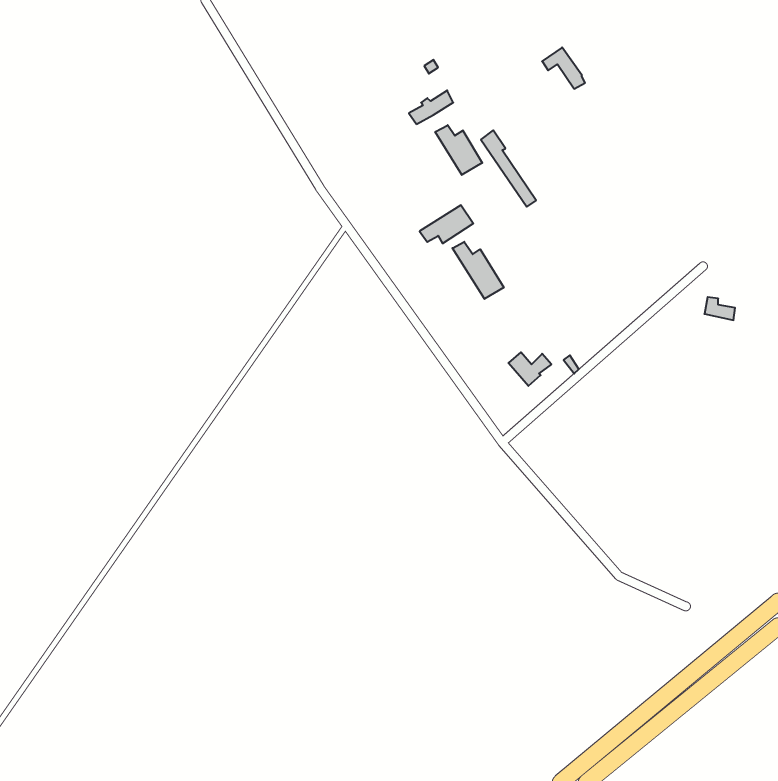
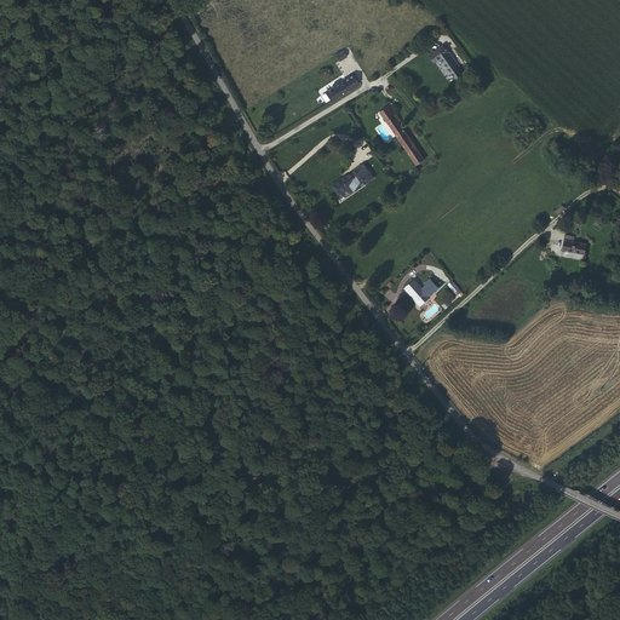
building: [435,125,482,175] -> none
building: [452,242,504,299] -> none

